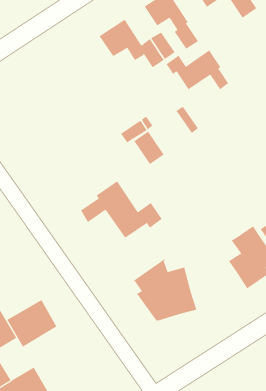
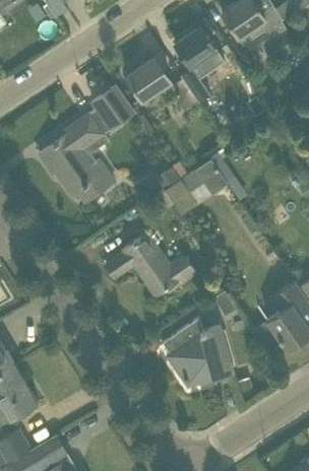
building: none -> [39,86,135,202]
building: [166,50,229,90] -> none
building: none -> [194,159,228,196]
building: [6,299,57,347] -> none

